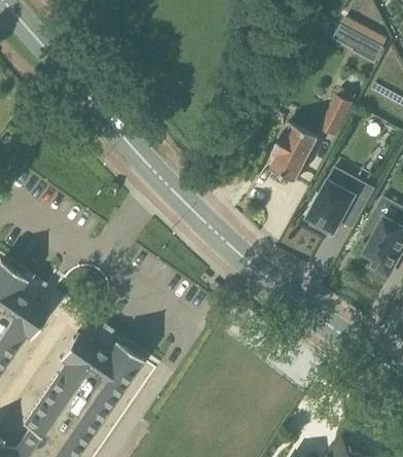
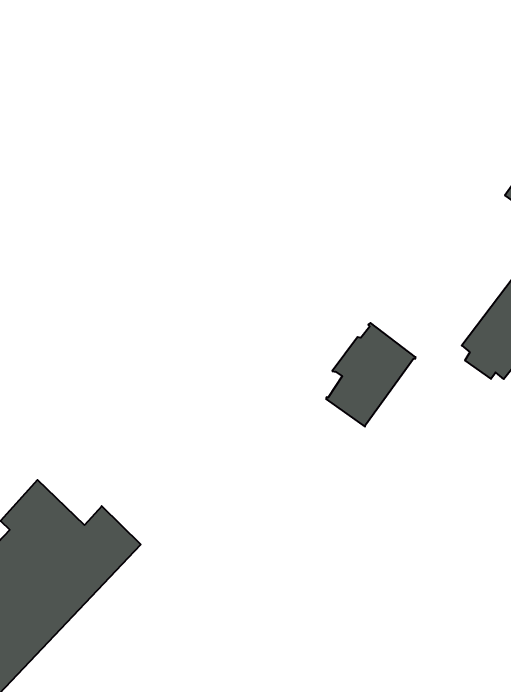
building: [270,121,318,181] -> [326,323,416,427]

